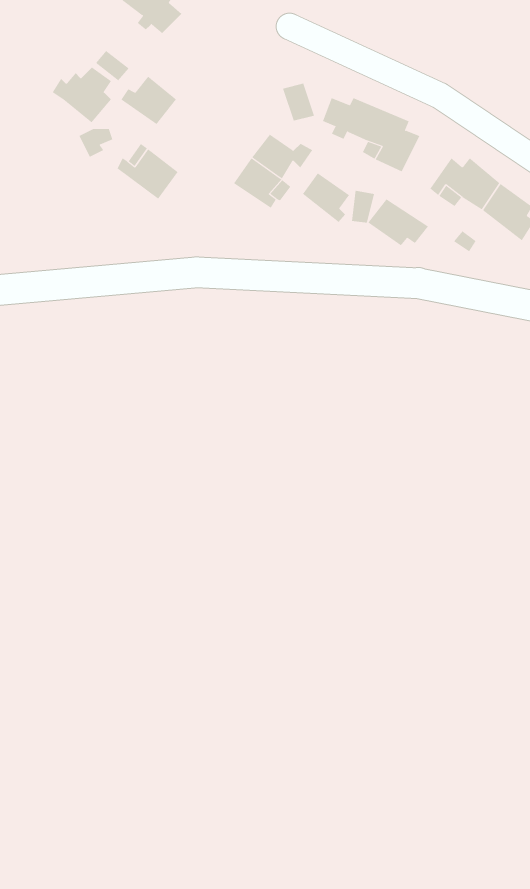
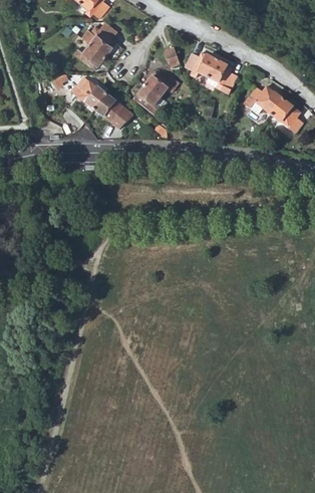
building: [52,67,112,123] -> [83,24,116,55]
building: none -> [95,95,134,131]
building: [302,172,350,223] -> none
building: [368,198,429,246] -> none

